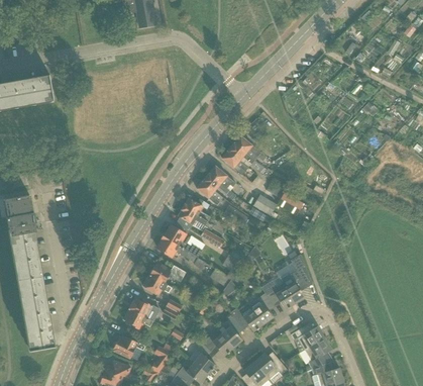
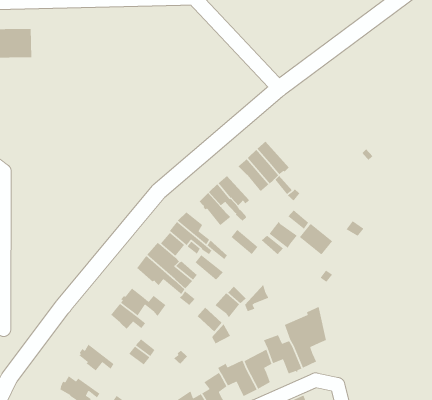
building: [129,297,160,321] -> none

